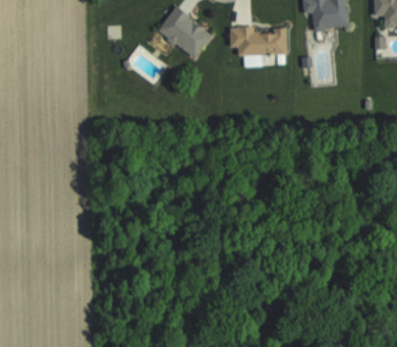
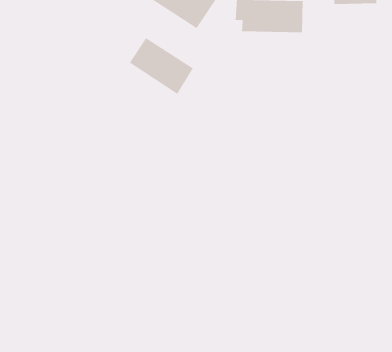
building: none -> [129,37,194,95]

